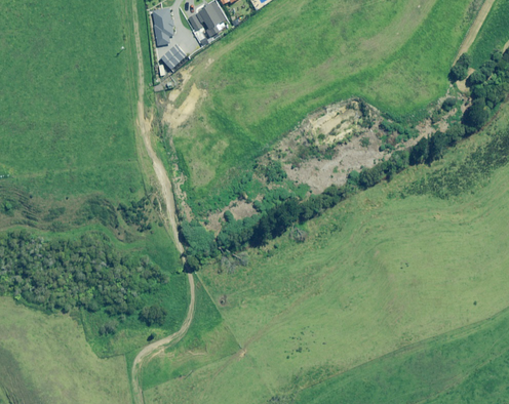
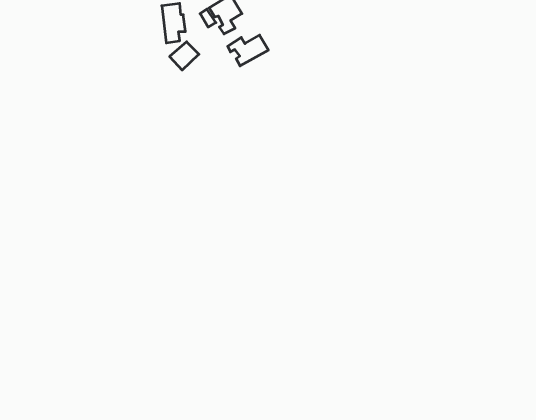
building: none -> [228,35,268,66]

